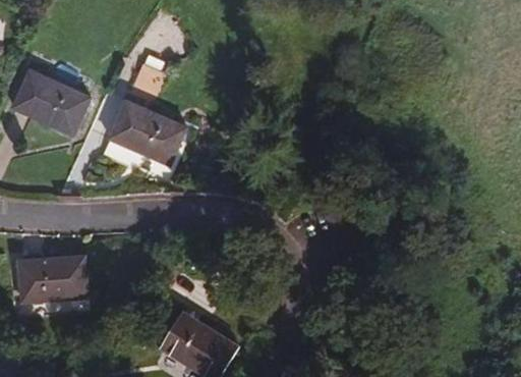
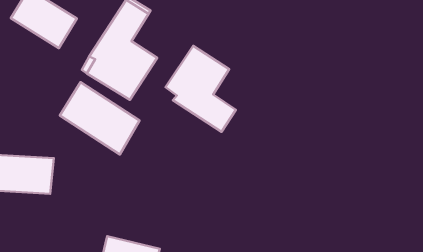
building: none -> [165,46,236,132]
building: none -> [60,82,140,154]

